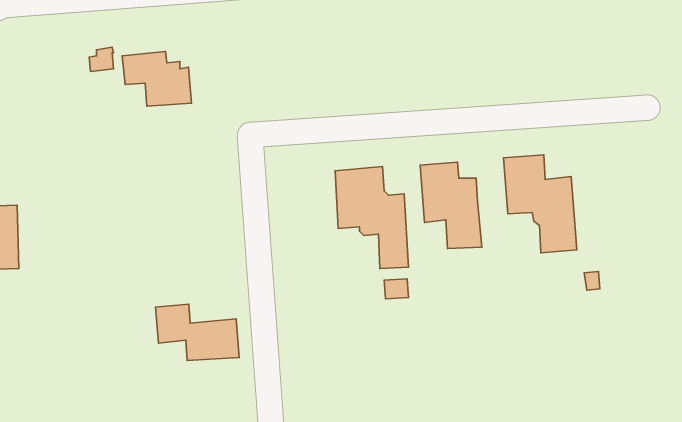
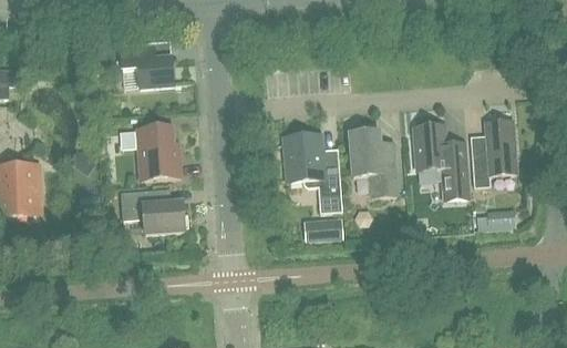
building: none -> [471,120,516,187]
building: none -> [136,126,179,180]
building: [156,304,239,360] -> [120,191,184,234]

